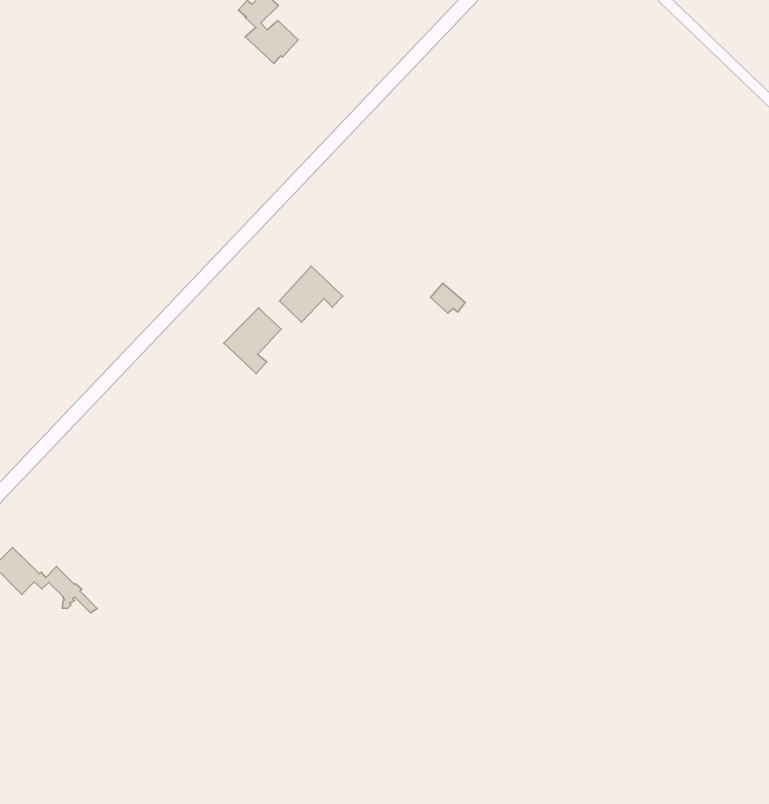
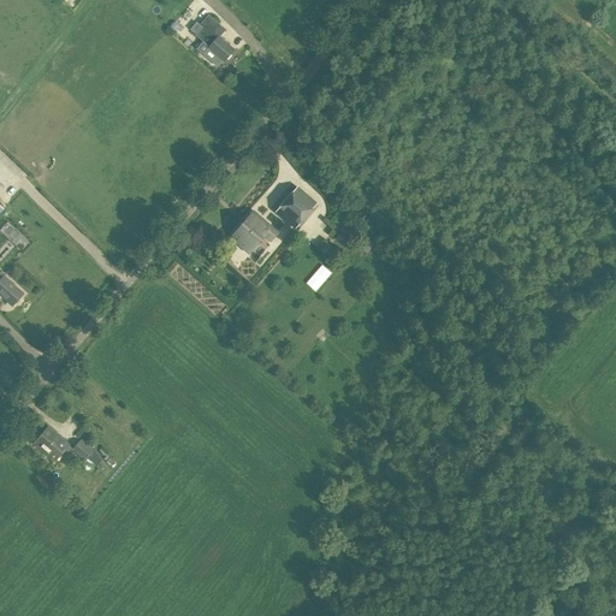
building: none -> [276,185,315,227]
building: [224,308,281,374] -> none

